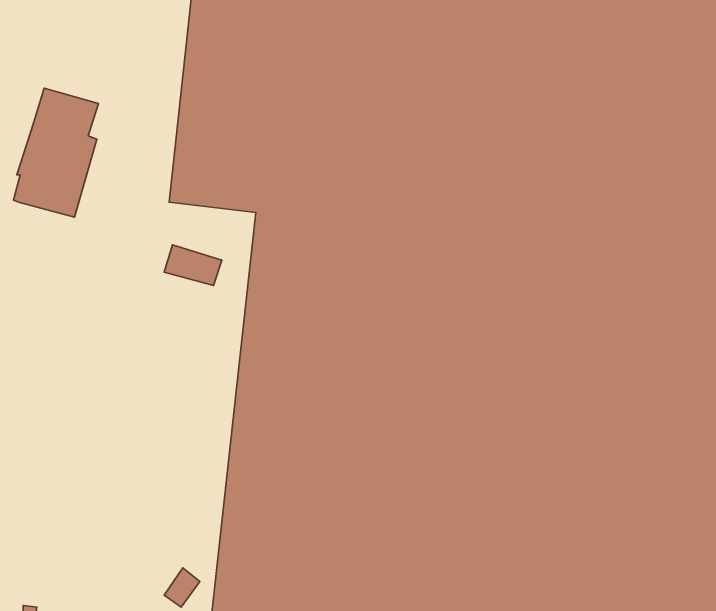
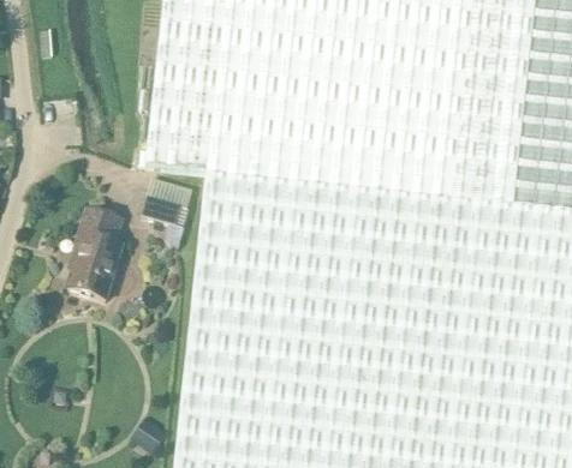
building: [13,88,98,217] -> [64,215,124,306]

